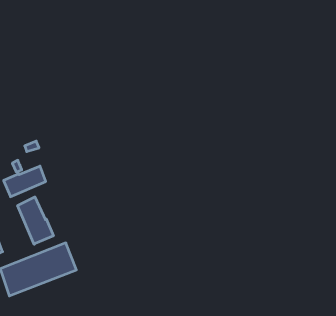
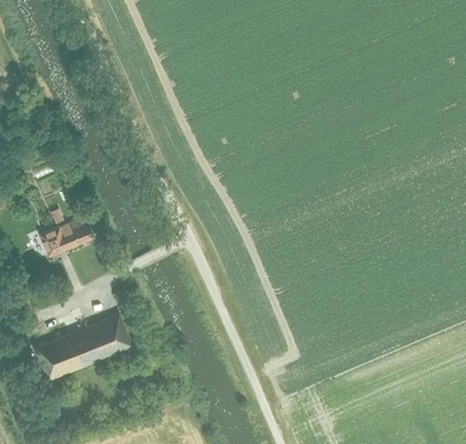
building: [18,197,53,244] -> none

